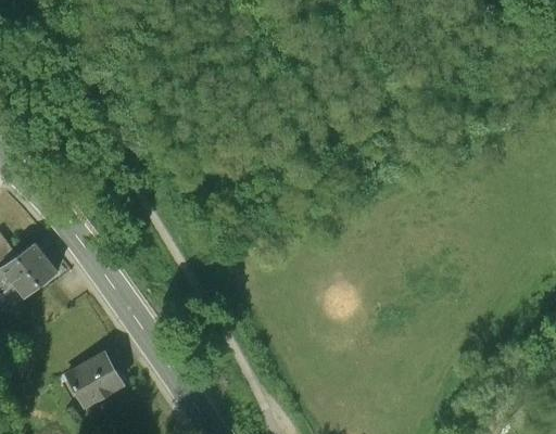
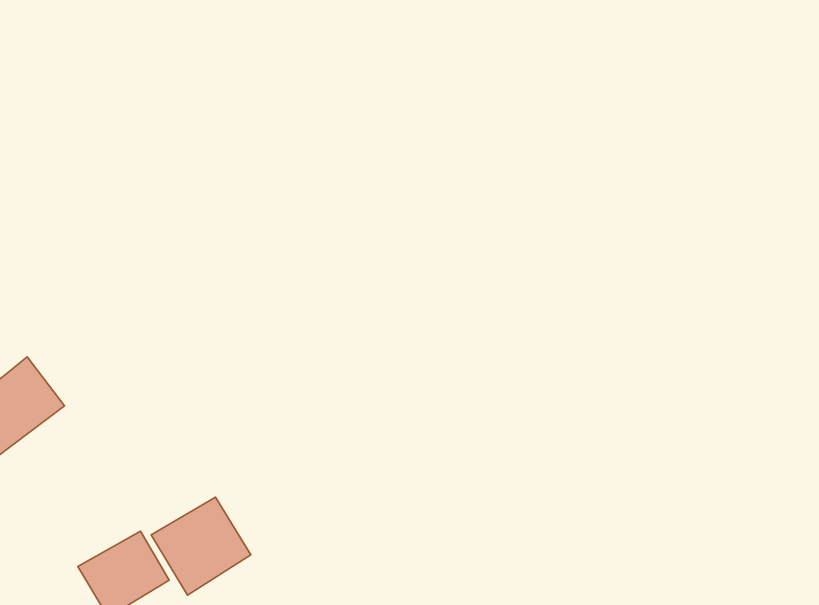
building: none -> [151,497,251,595]

